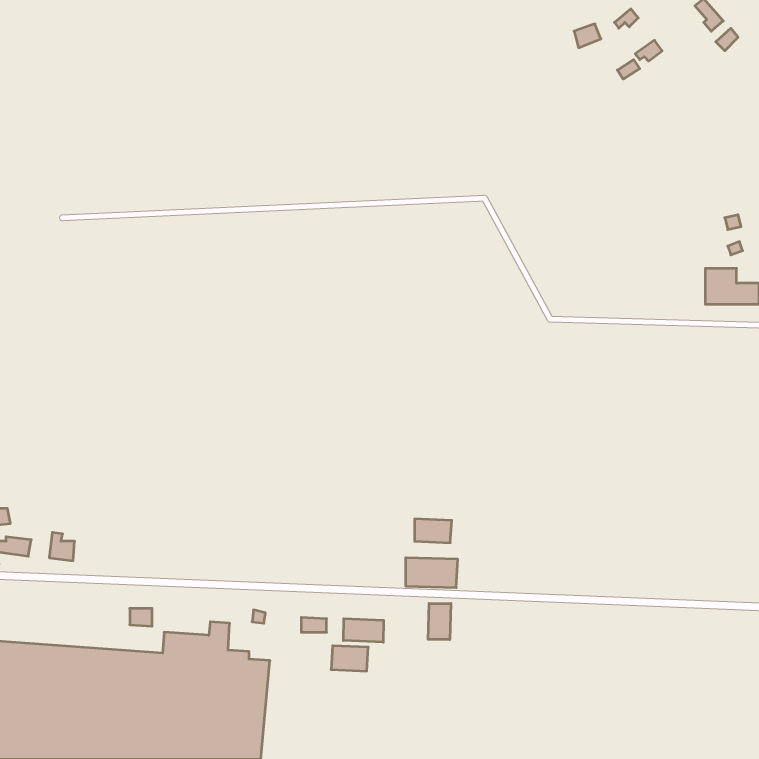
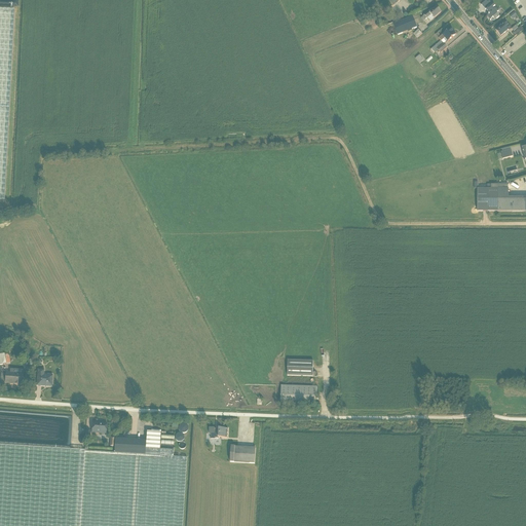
building: [428,603,451,640] -> none
building: [343,619,384,642] -> none

